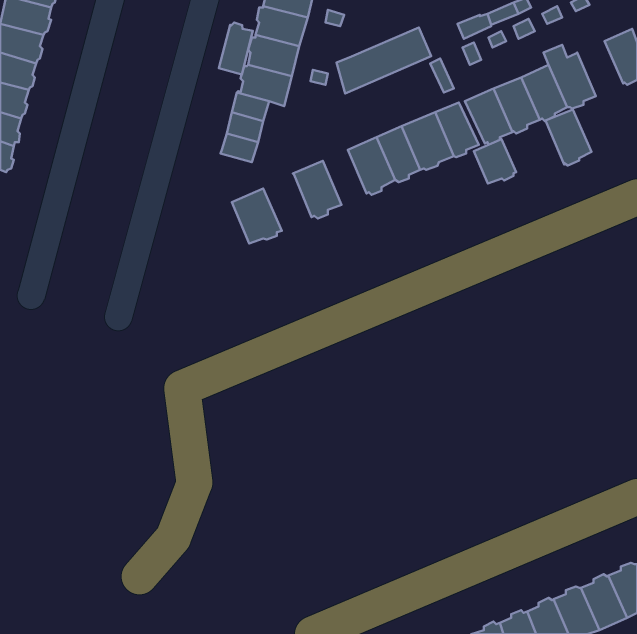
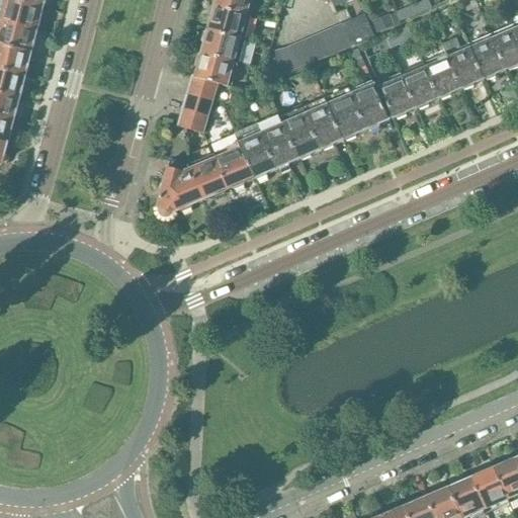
building: none -> [340,12,374,46]
building: [219,23,253,74] -> none
building: [546,109,592,166] -> [468,33,506,79]
building: [474,139,516,184] -> none
building: none -> [262,121,297,167]
building: none -> [210,135,253,187]
building: none -> [158,160,202,215]

